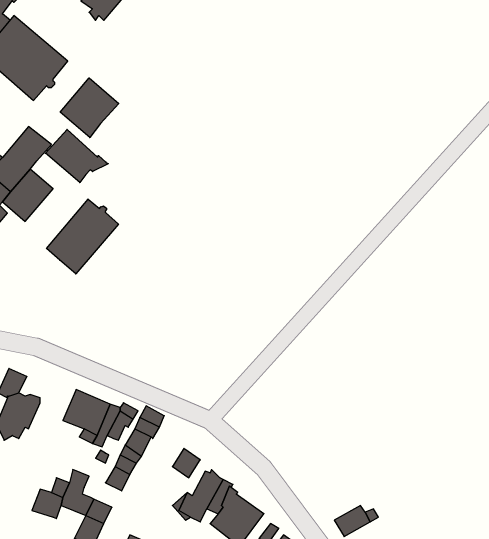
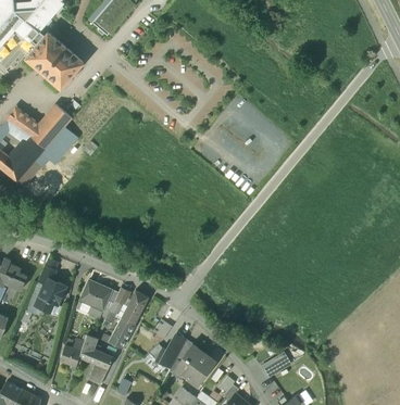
building: [60,78,119,138] -> none
building: [45,129,108,183] -> none
building: [47,199,118,274] -> none

